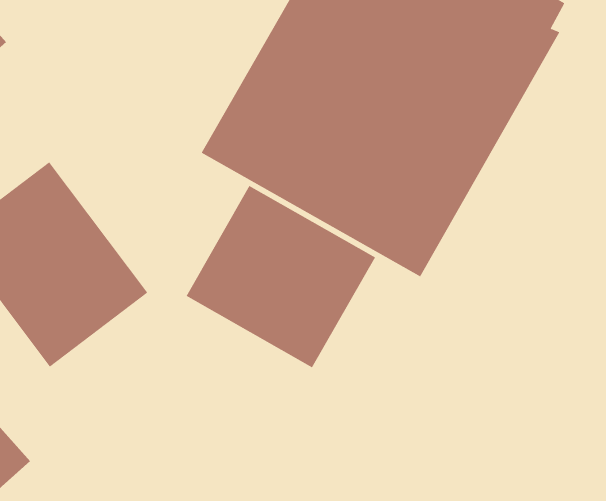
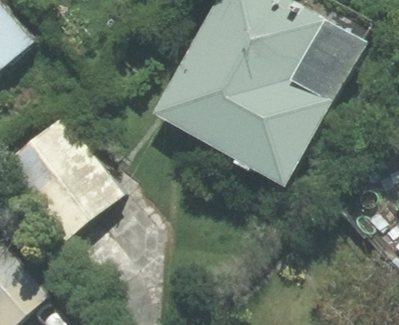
building: [186,185,376,368] -> none

